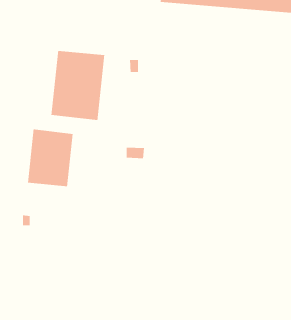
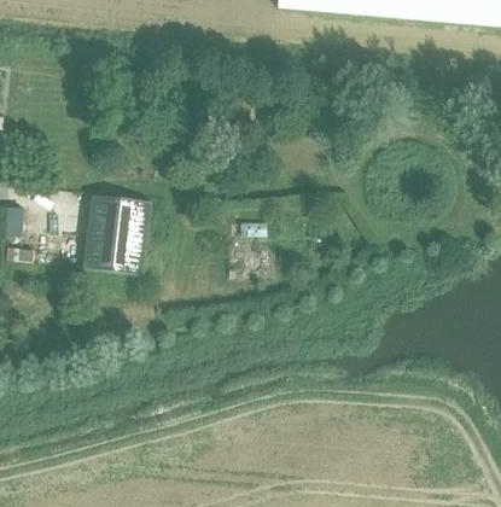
building: [51,50,105,121] -> none

